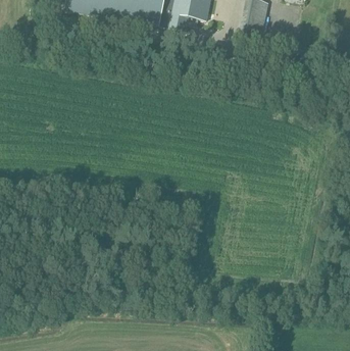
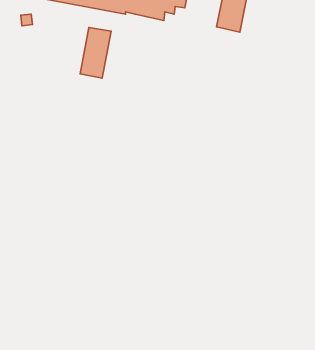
building: none -> [80,28,111,78]

